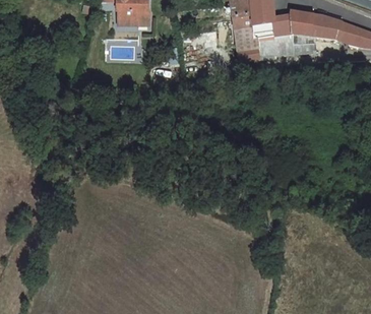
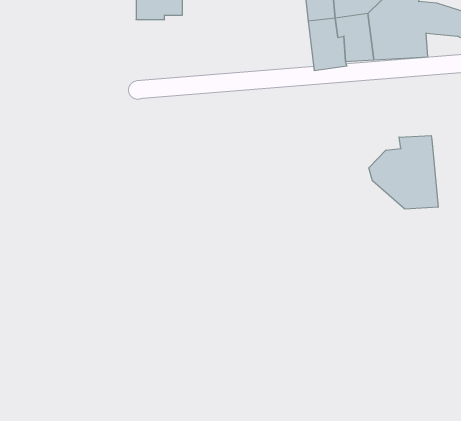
building: none -> [369,136,438,209]

